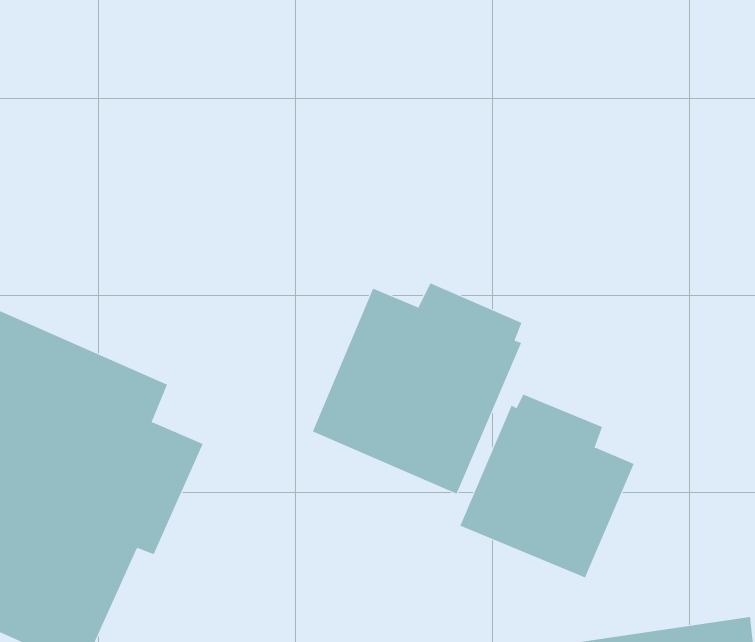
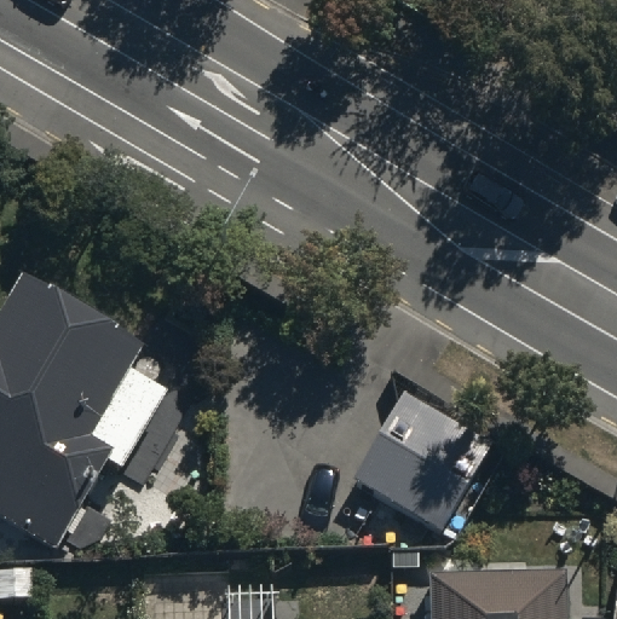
building: [312,282,522,495] -> none

